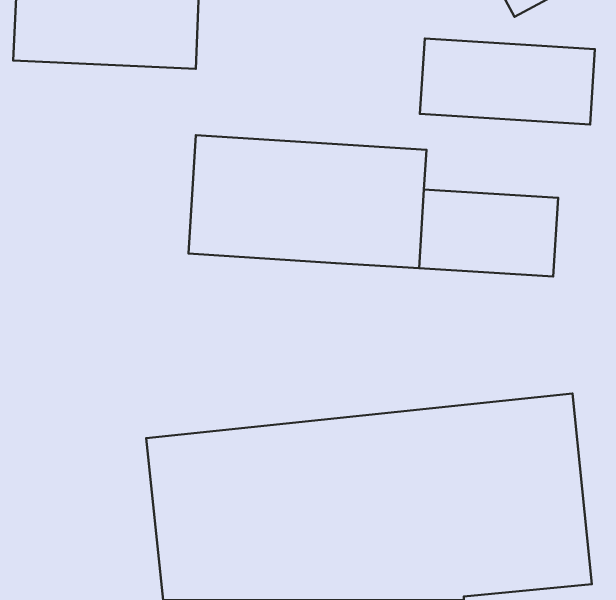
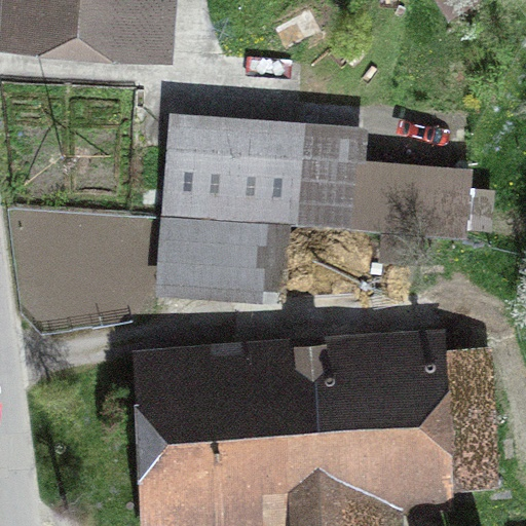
building: [420,38,595,125] -> none
building: none -> [156,216,286,299]

